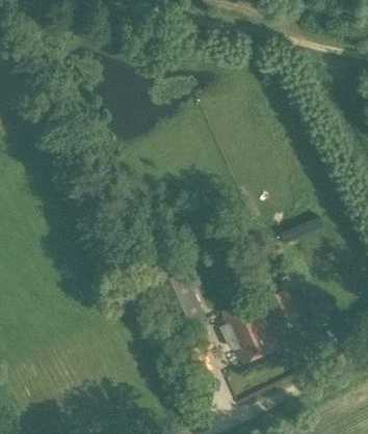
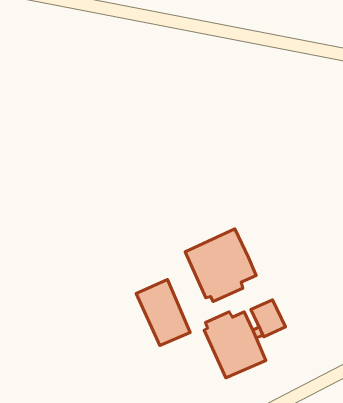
building: none -> [185,229,256,302]

